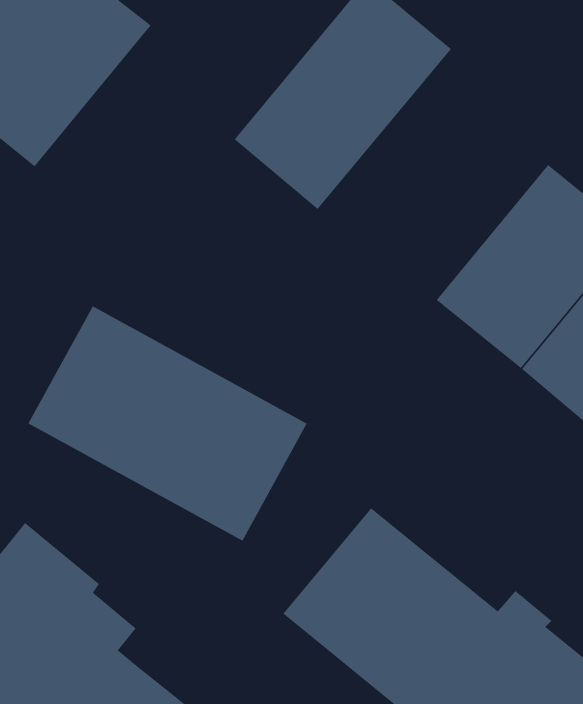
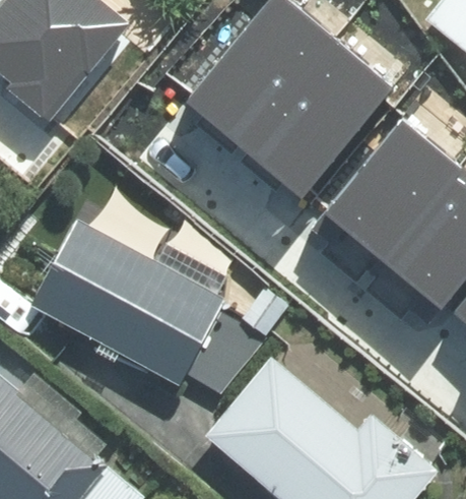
building: none -> [239,44,391,203]

